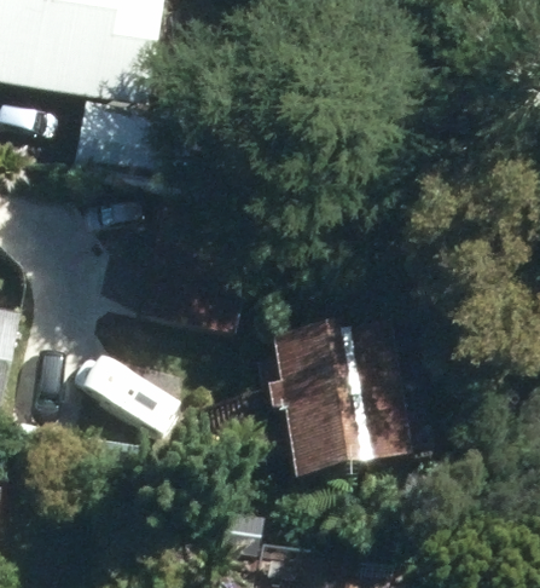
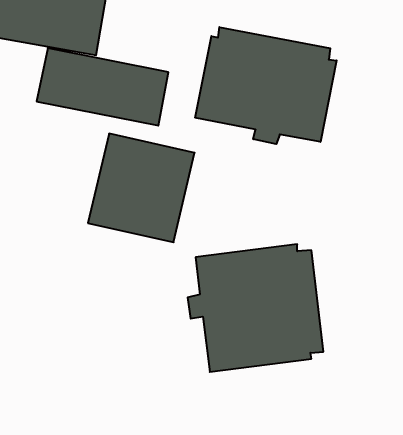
building: none -> [195,27,337,144]

